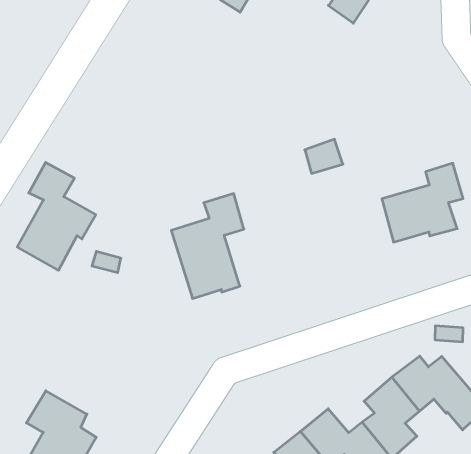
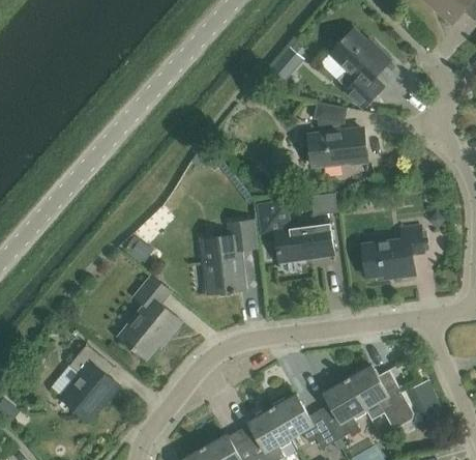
building: none -> [308,103,366,167]
building: none -> [258,202,333,261]
building: [17,162,96,270] -> [117,277,180,360]

